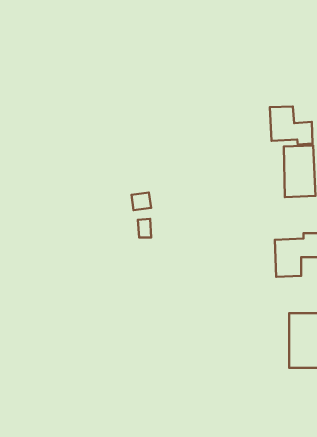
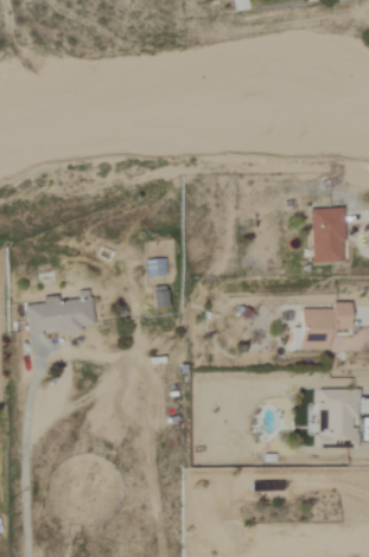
building: [270,106,313,145] -> none
building: none -> [27,297,95,333]

